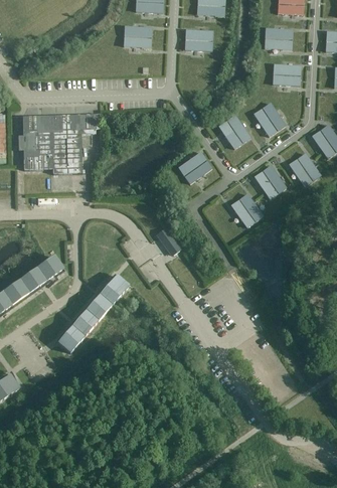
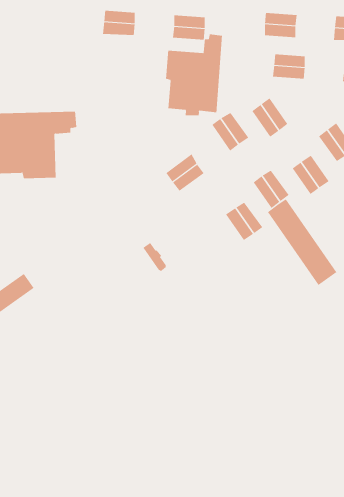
building: none -> [166,33,222,116]
building: none -> [267,199,337,286]
building: [58,275,129,352] -> none

